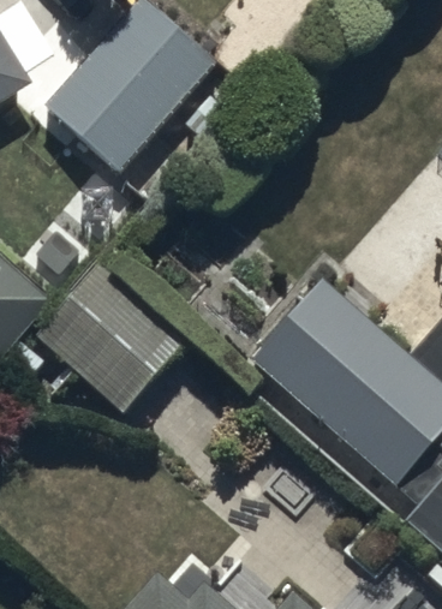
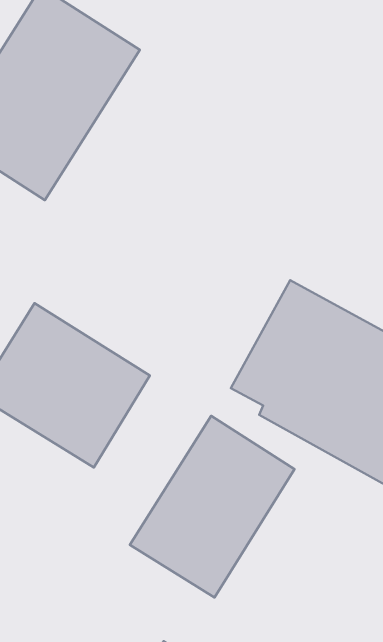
building: none -> [130,416,295,598]

